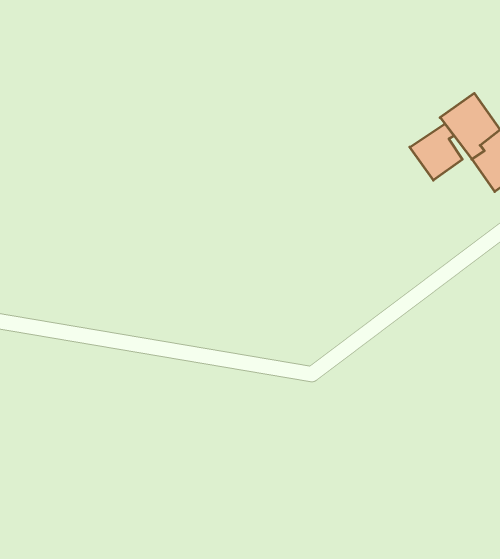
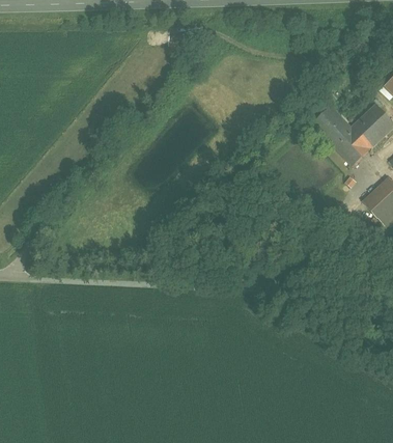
building: [410,124,462,180] -> none

